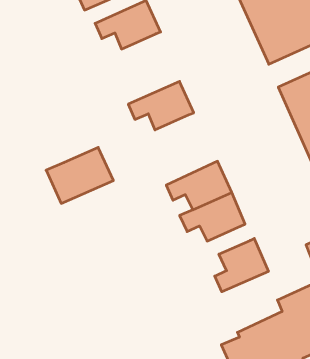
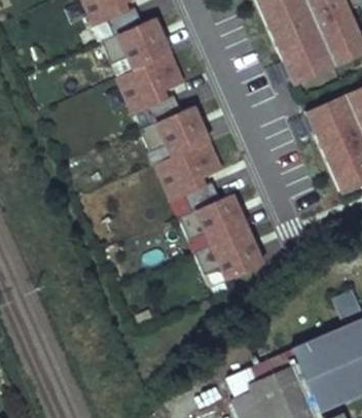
building: none -> [114,53,187,113]
building: [46,147,113,203] -> [150,140,223,201]
building: [215,238,268,292] -> none

